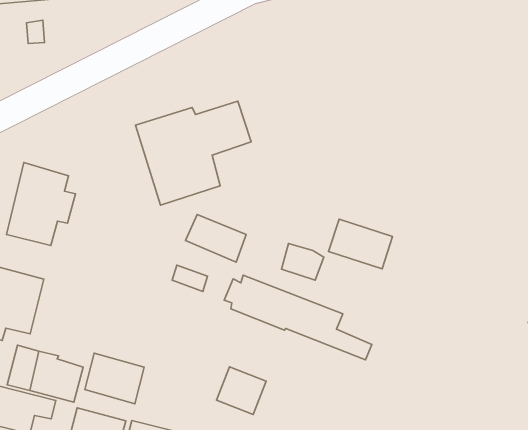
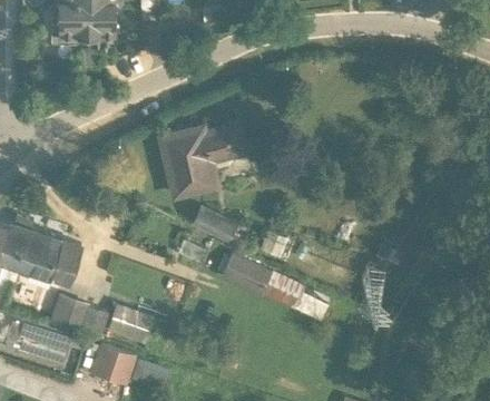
building: [7,162,75,246] -> none
building: [329,219,393,269] -> none
building: [217,367,266,415] -> none

